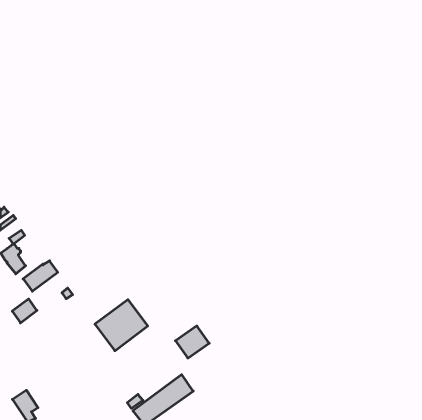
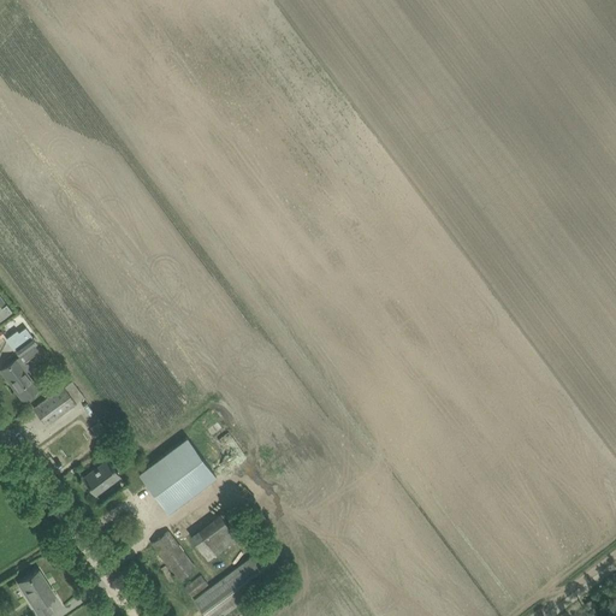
building: [12,299,37,323] -> [83,461,119,496]
building: [175,326,209,358] -> [191,514,241,561]
building: none -> [152,533,196,582]

